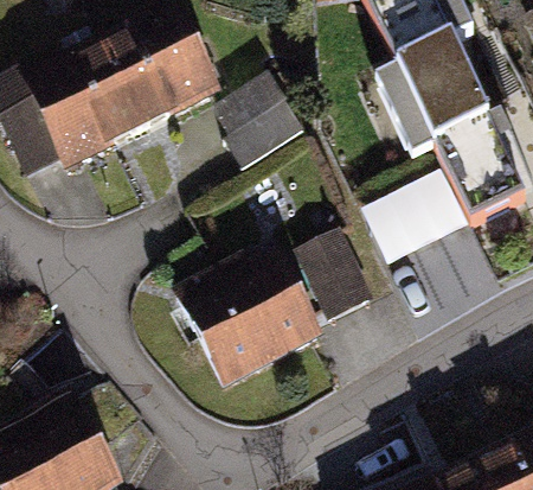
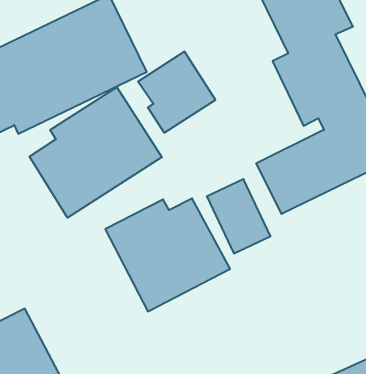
building: none -> [30,87,162,218]

